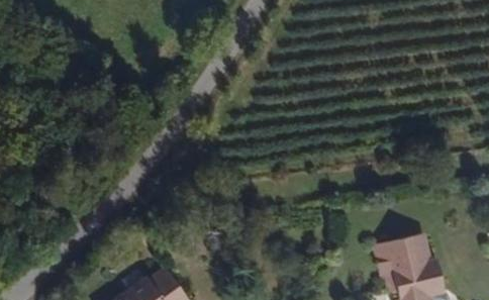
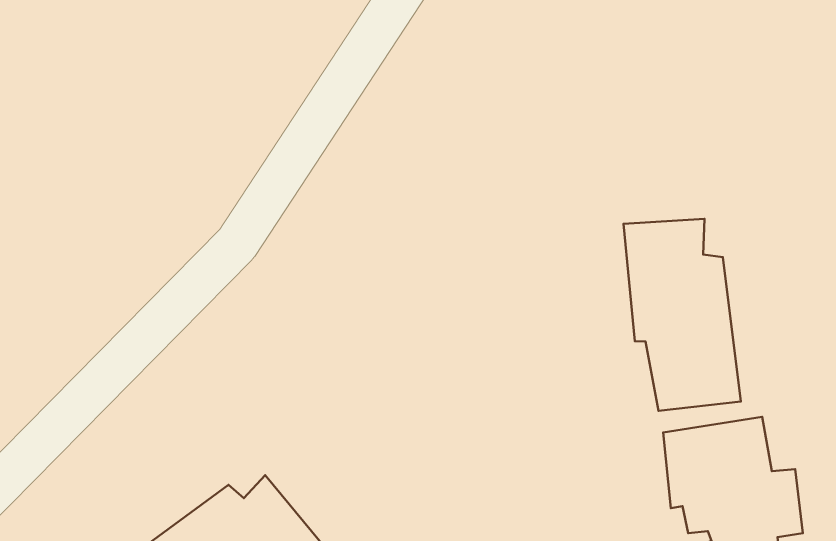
building: none -> [623,219,741,411]

